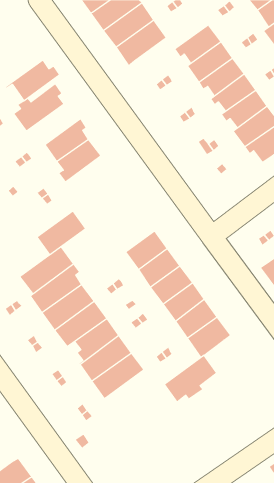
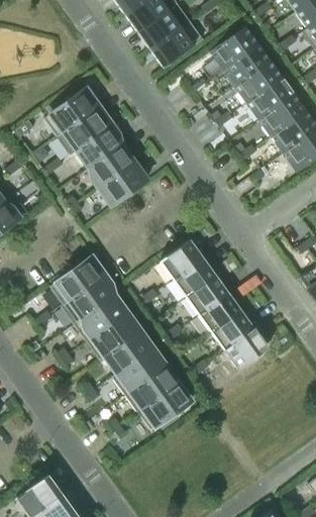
building: [5,60,60,101] -> [57,108,113,150]
building: [37,211,86,255] -> [97,162,147,207]
building: [164,355,217,402] -> [137,383,192,431]

